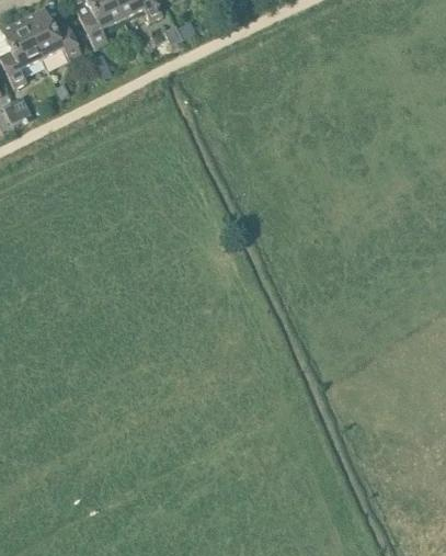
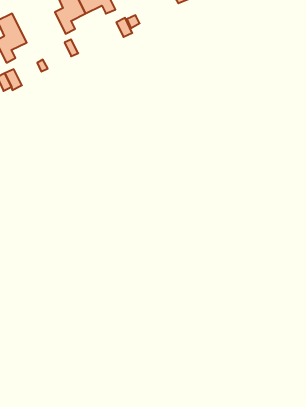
building: [22,8,82,58] -> none

